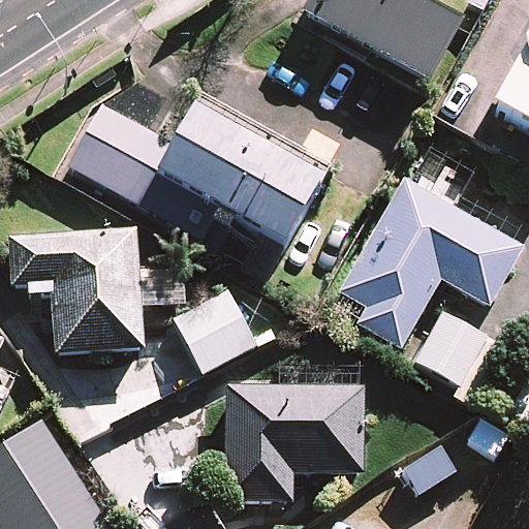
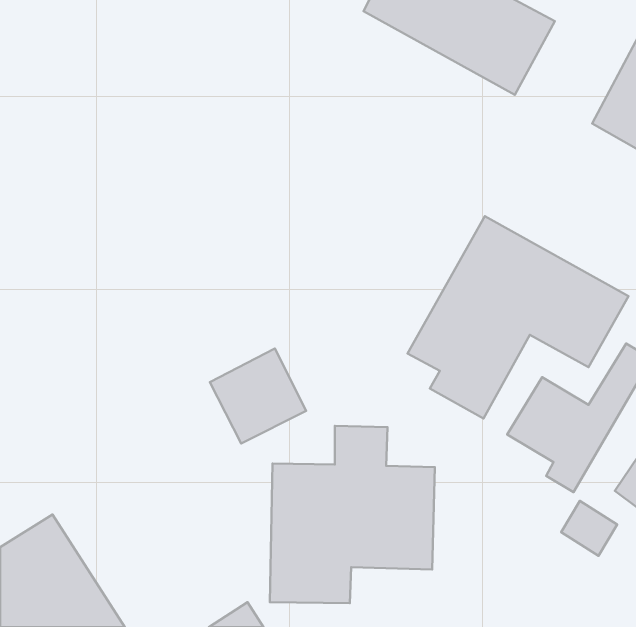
building: [70,104,321,245] -> none
building: [10,230,143,351] -> none

